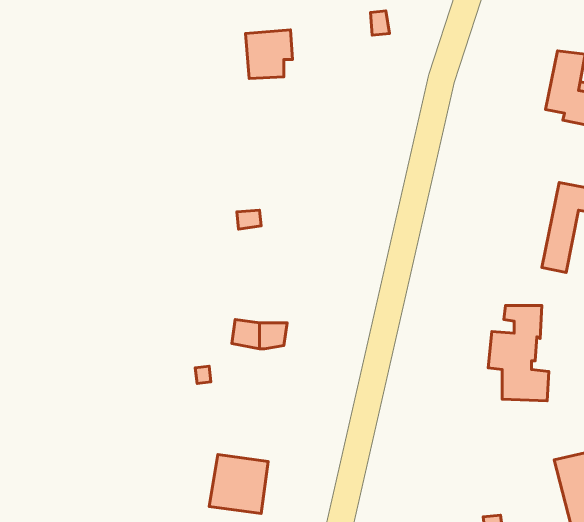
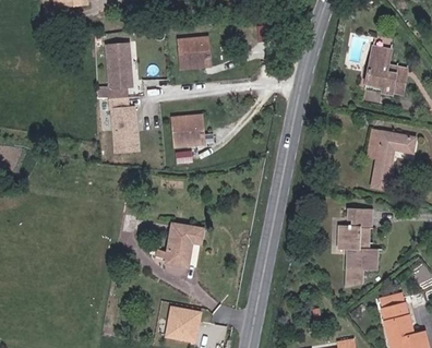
building: none -> [111,45,139,149]
building: none -> [171,115,203,145]
building: none -> [168,235,192,262]

